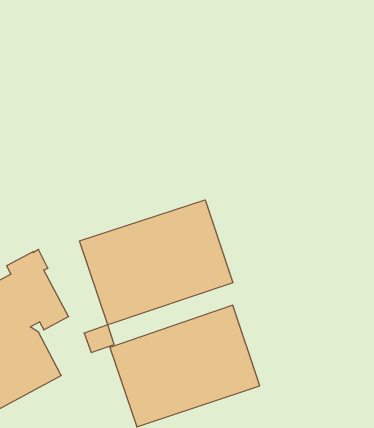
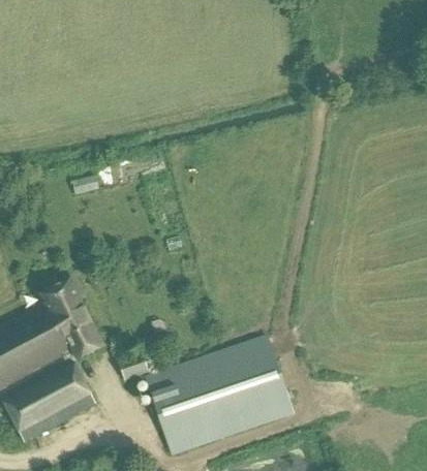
building: [79,200,233,325] -> none

